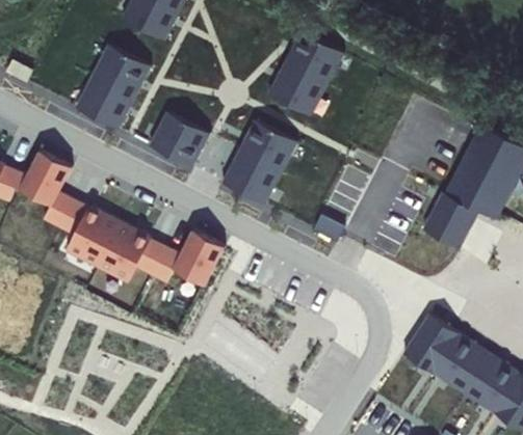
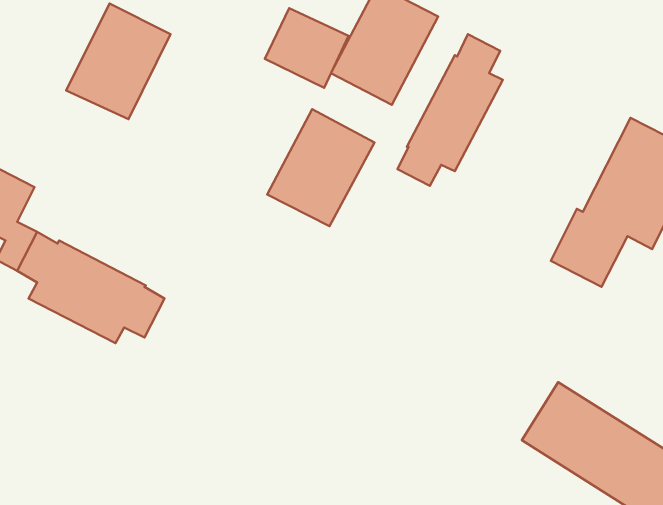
building: none -> [398,34,503,186]
building: [151,109,211,166] -> [265,8,349,88]
building: [133,237,207,293] -> none

